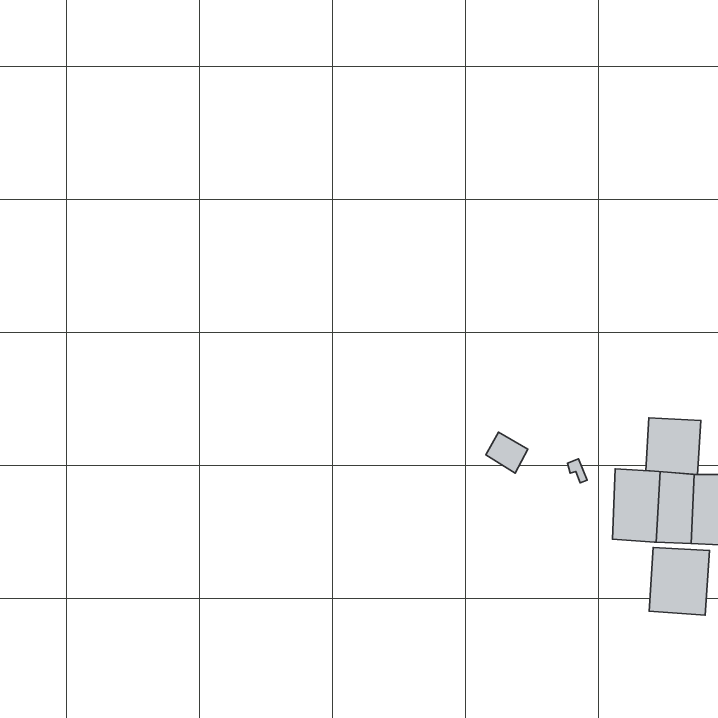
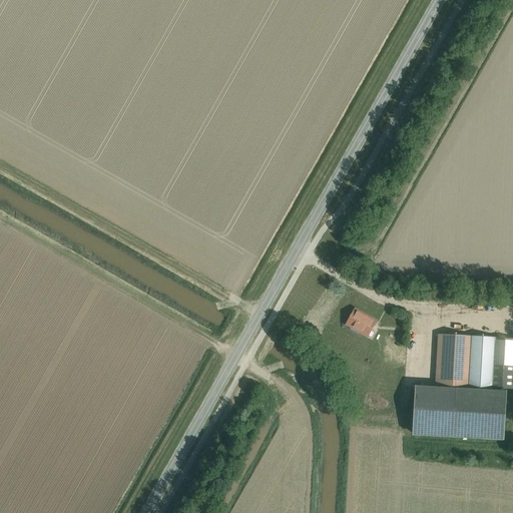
building: [646,418,701,474] -> none
building: none -> [414,384,467,435]

